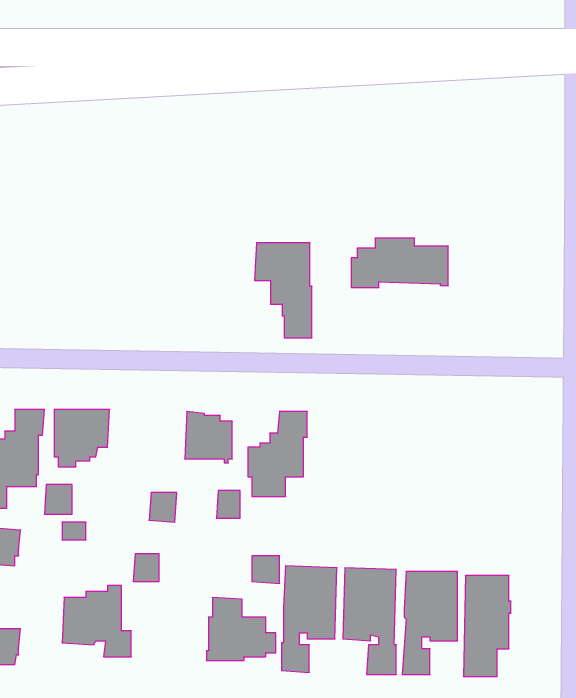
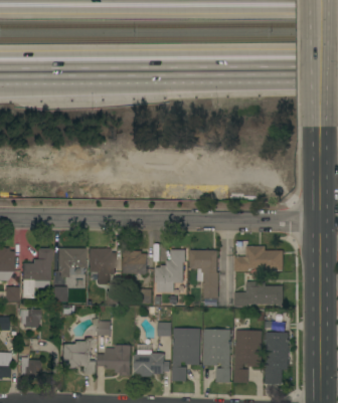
building: [351,238,448,288] -> [233,246,283,271]
building: [255,243,312,338] -> [189,250,218,298]
building: none -> [88,248,115,284]
building: none -> [234,281,283,307]
building: none -> [97,345,131,376]

